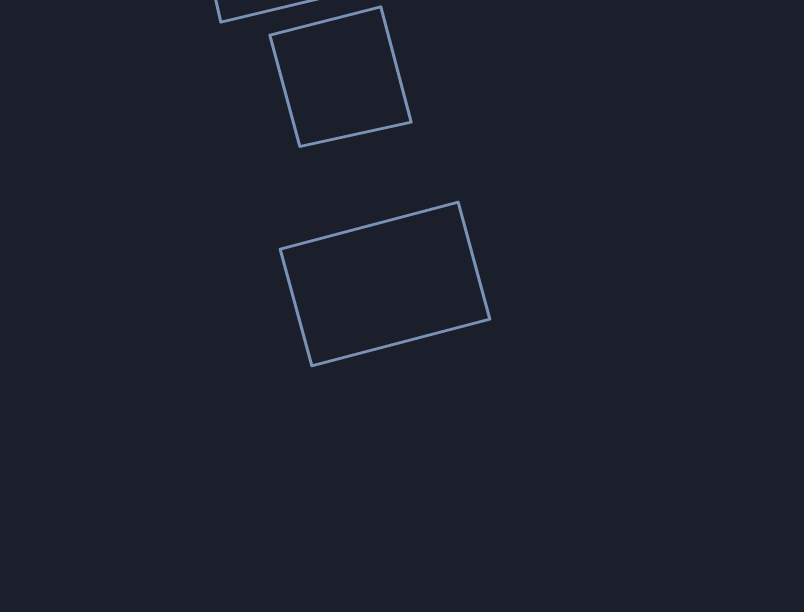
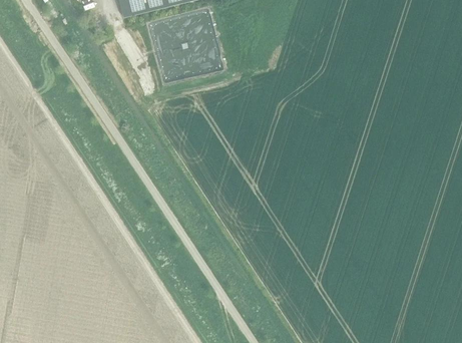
building: [280,202,490,366] -> none

